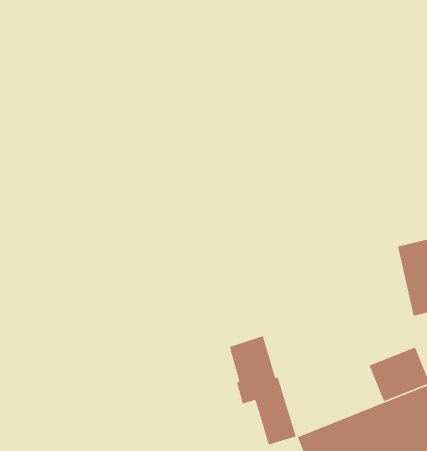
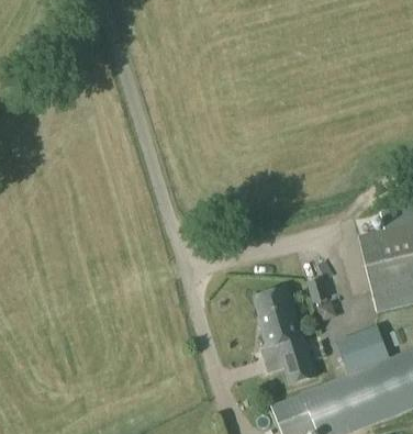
building: [229,335,297,445] -> [255,288,315,386]

